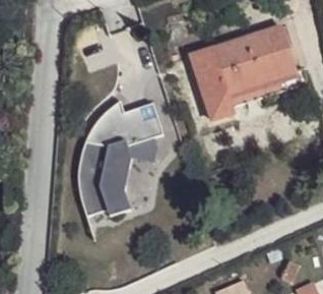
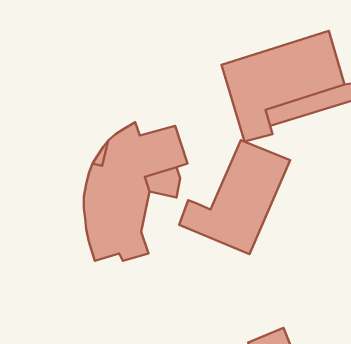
building: none -> [179,140,290,254]

